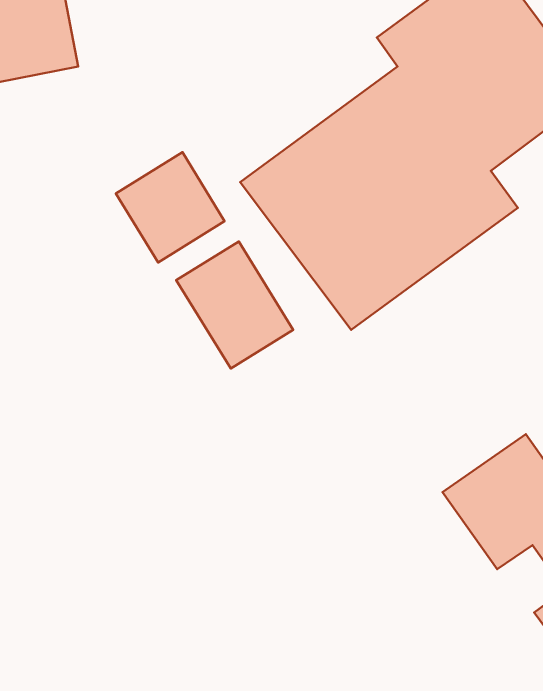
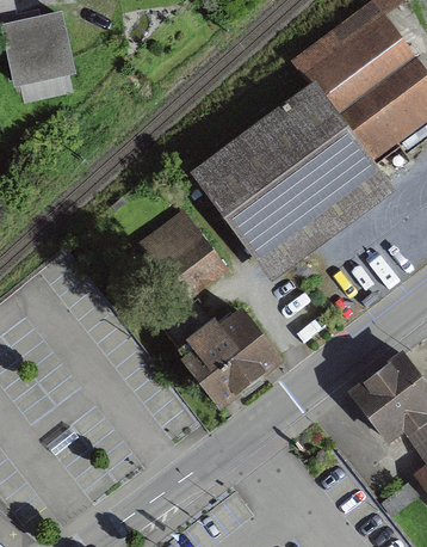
building: [116,152,225,262] -> none
building: none -> [168,311,273,410]

